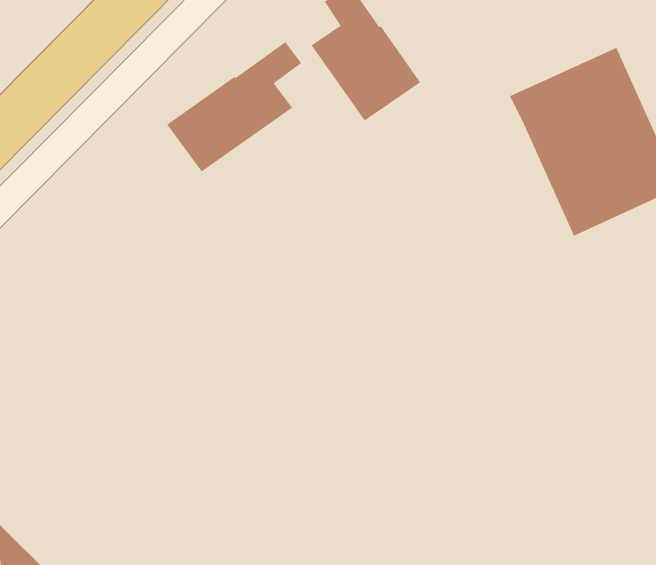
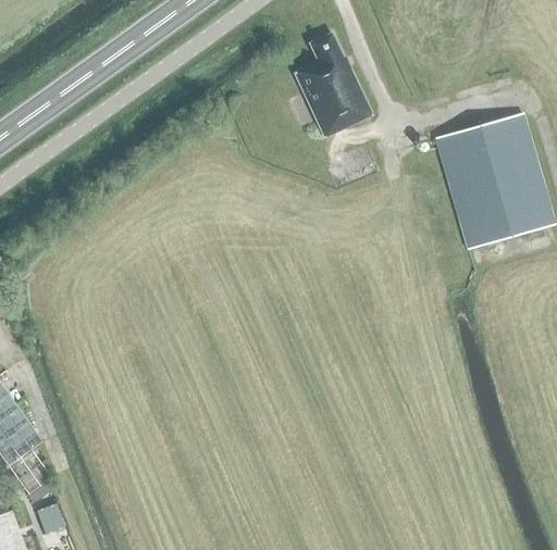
building: [166,41,302,173] -> none

